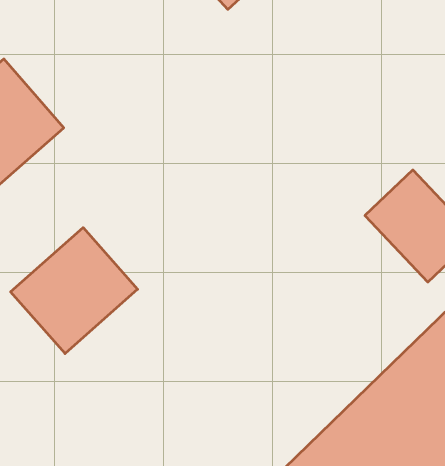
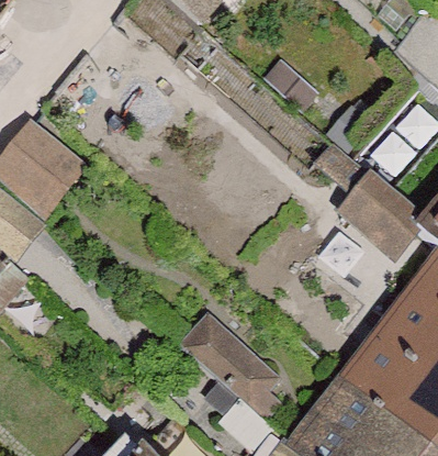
building: [11,228,138,354] -> none
building: none -> [177,310,293,416]

